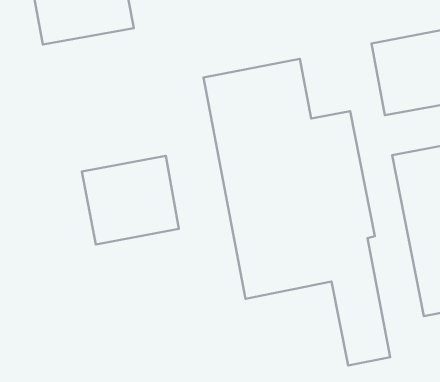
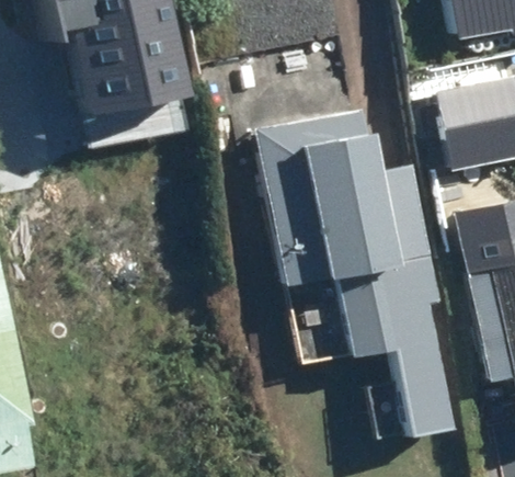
building: [82,156,179,244] -> none

